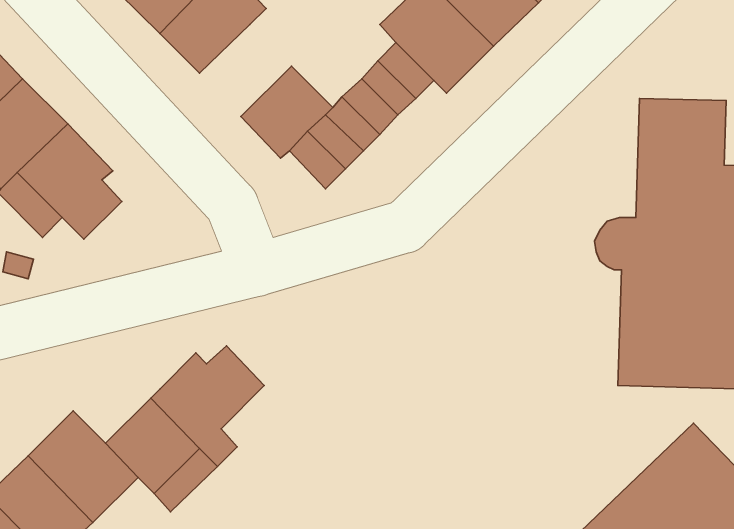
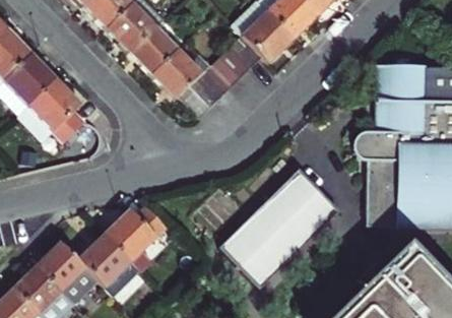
building: none -> [130,22,182,74]
building: none -> [220,170,336,284]

